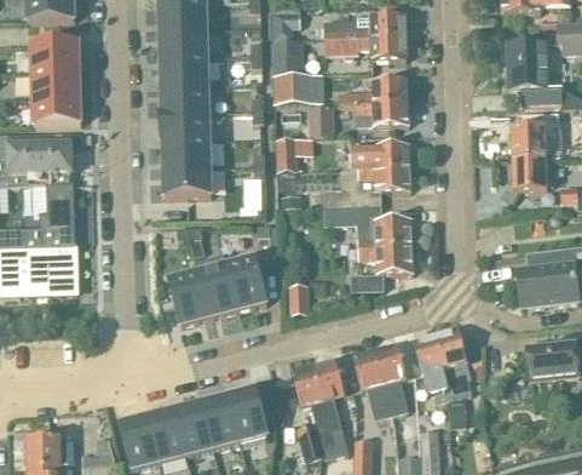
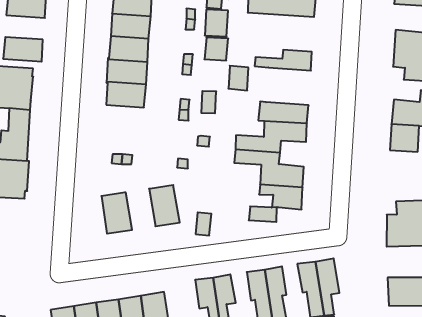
building: [313,38,407,61] -> none
building: [31,70,79,98] -> none
building: [356,103,408,126] -> none
building: [163,167,211,196] -> none
building: [194,253,237,317] -> none

